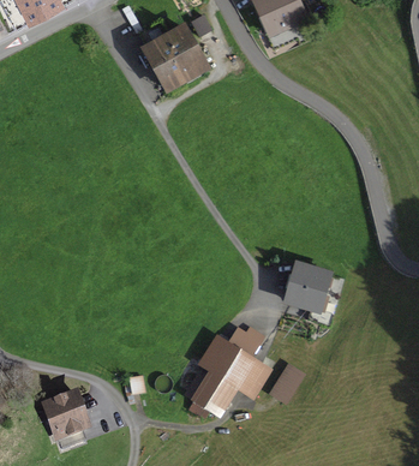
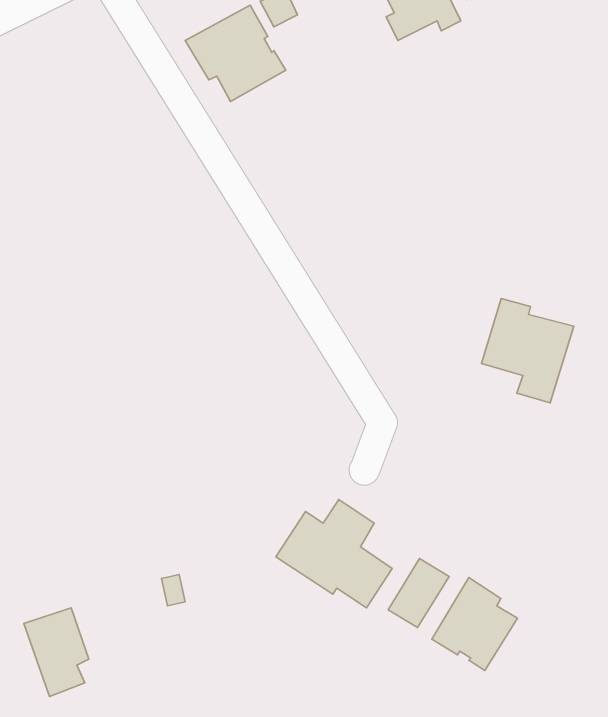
building: [286,262,342,325] -> [481,299,574,403]
building: [187,371,233,419] -> none
building: none -> [432,577,518,671]

